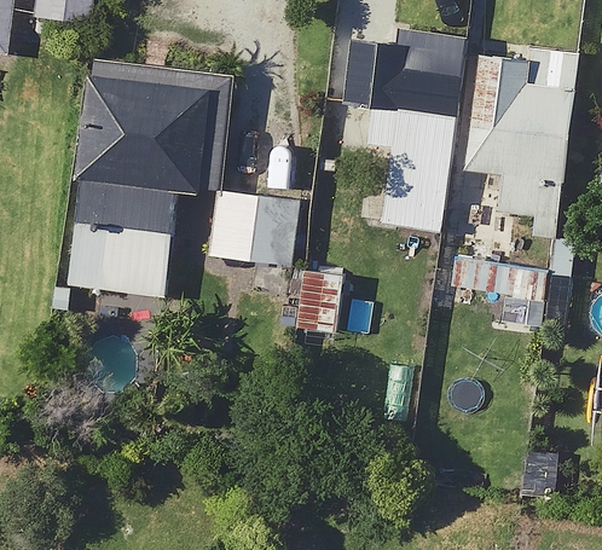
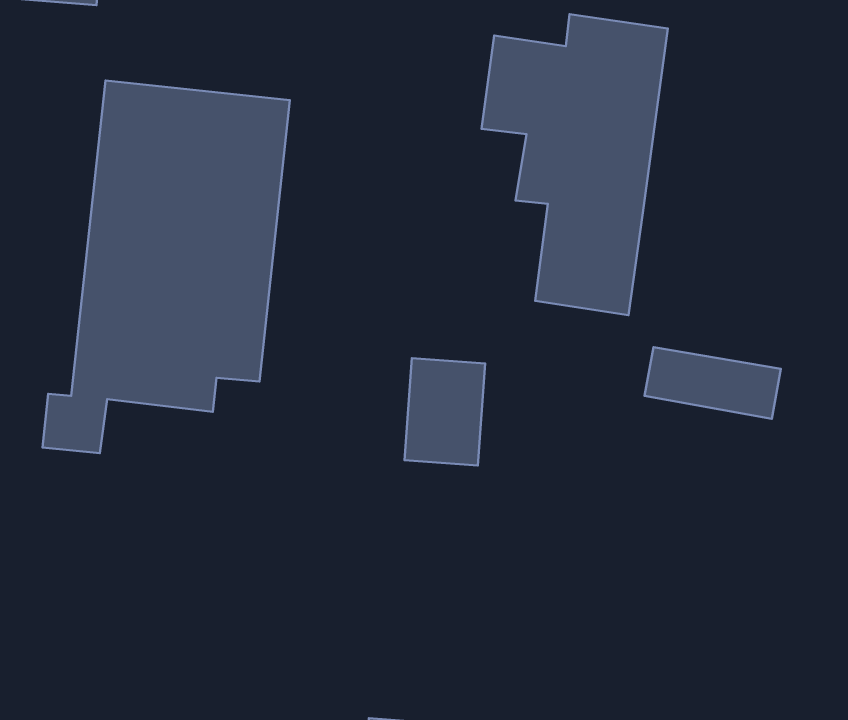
building: [467,46,579,237] -> none
building: [208,189,290,290] -> none

